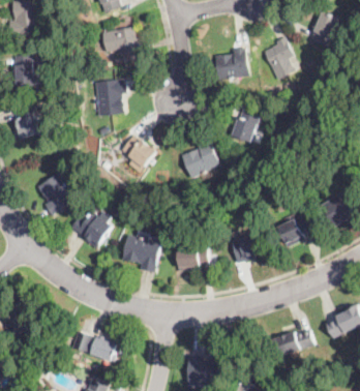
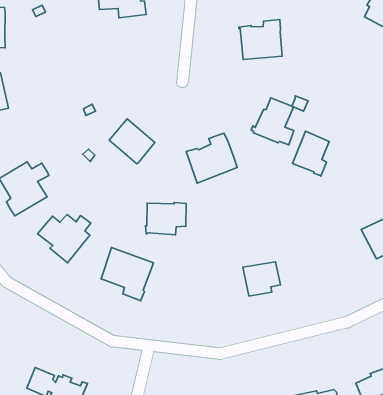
building: [263,36,294,80] -> none
building: [94,79,126,117] -> none
building: none -> [293,131,329,176]
building: [276,213,312,247] -> none
building: [177,246,208,272] -> [145,203,186,235]

